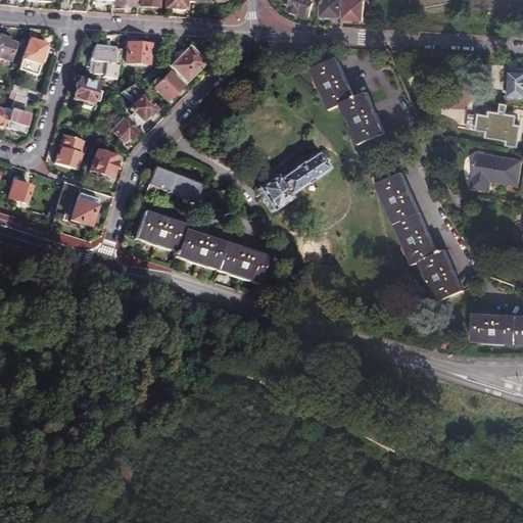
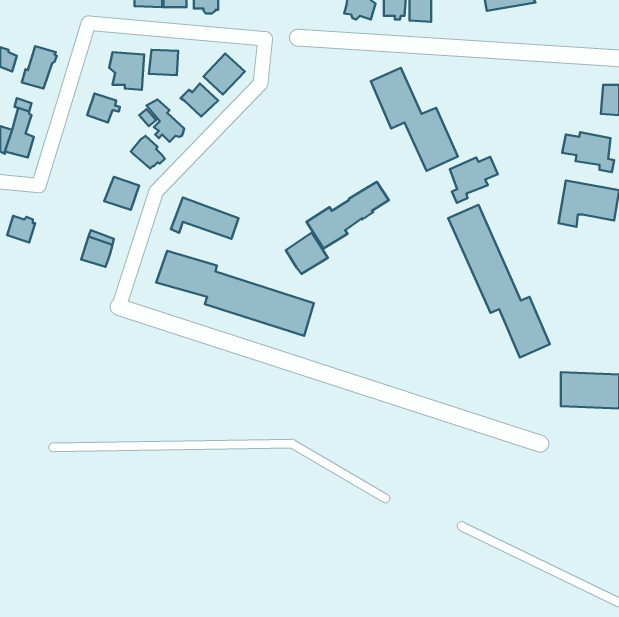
building: none -> [450,157,498,203]
building: [54,135,87,170] -> none
building: none -> [286,232,328,274]

